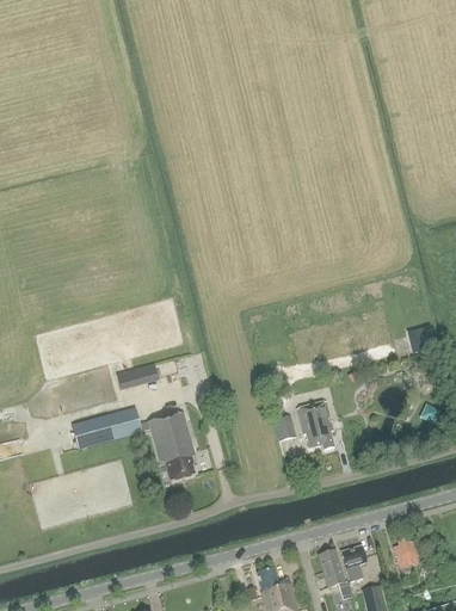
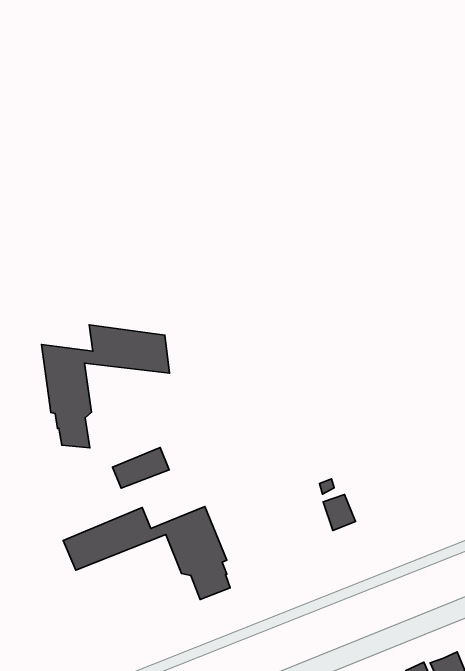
building: none -> [42,325,169,448]
building: [296,401,334,450] -> none

